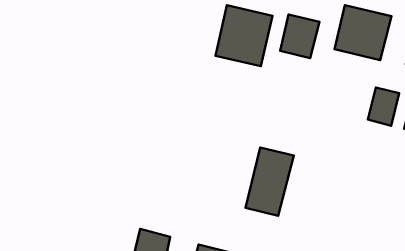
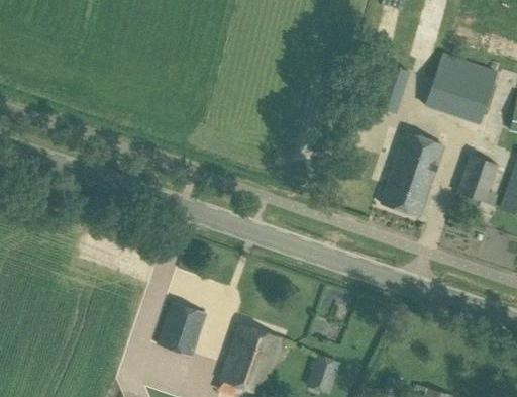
building: [216,5,272,66] -> none
building: [246,148,294,216] -> [382,133,445,217]

